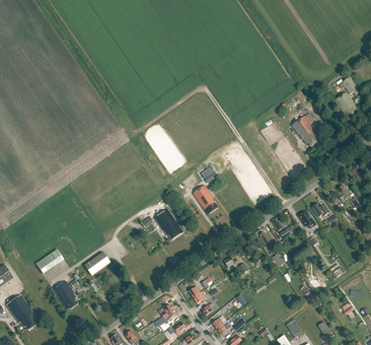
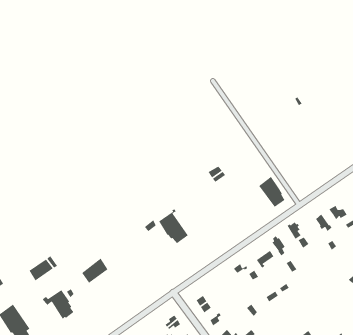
building: [292,113,319,146] -> none
building: [193,185,218,214] -> [258,176,285,208]

